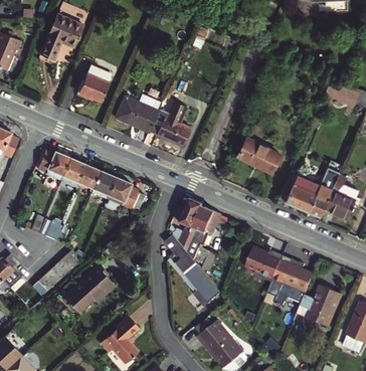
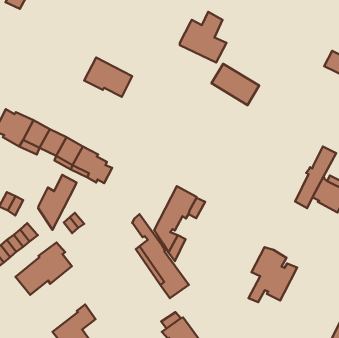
building: [75,66,109,103] -> none
building: [148,102,189,146] -> [180,12,227,63]
building: [237,139,280,174] -> [212,64,259,105]
building: [279,174,318,212] -> none
building: [171,197,203,246] -> [38,175,76,230]
building: [245,246,284,281] -> none
building: [299,285,342,326] -> none

